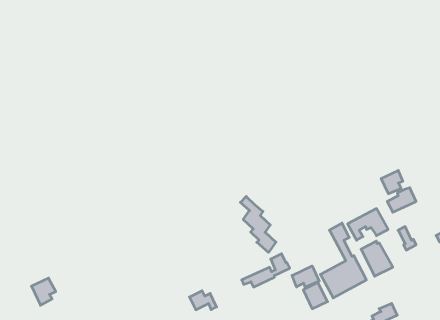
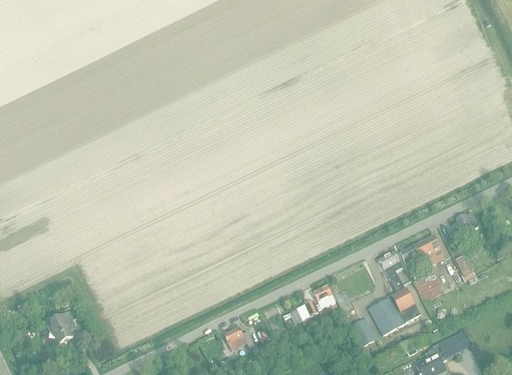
building: [381,170,403,194] -> none
building: [240,196,276,252] -> none
building: [292,266,319,287] -> none

